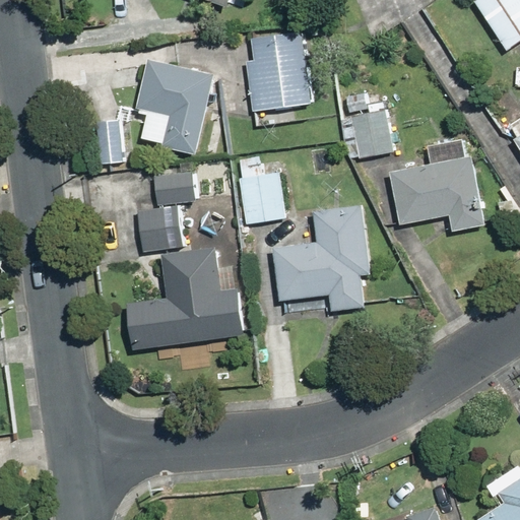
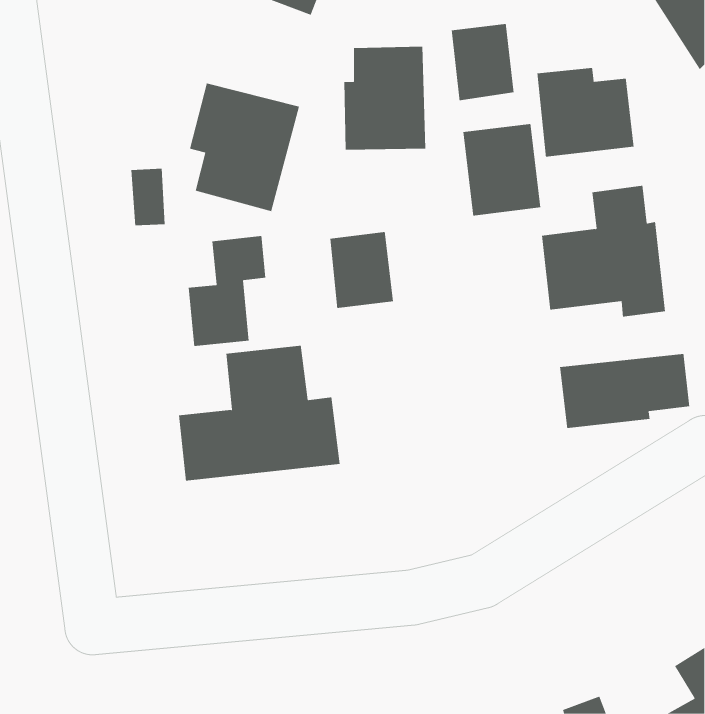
building: none -> [451,23,514,101]
building: none -> [537,67,634,157]
building: [274,203,366,311] -> none
building: none -> [559,353,690,429]

